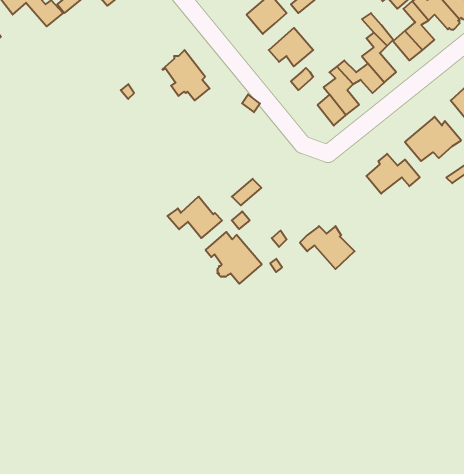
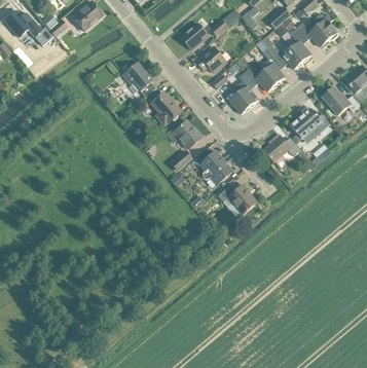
building: none -> [150,91,182,125]
building: [167,197,222,238] -> [164,120,203,149]
building: [206,232,262,284] -> [193,148,232,184]

